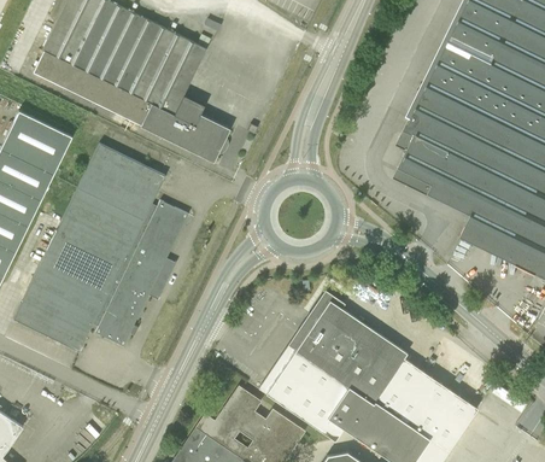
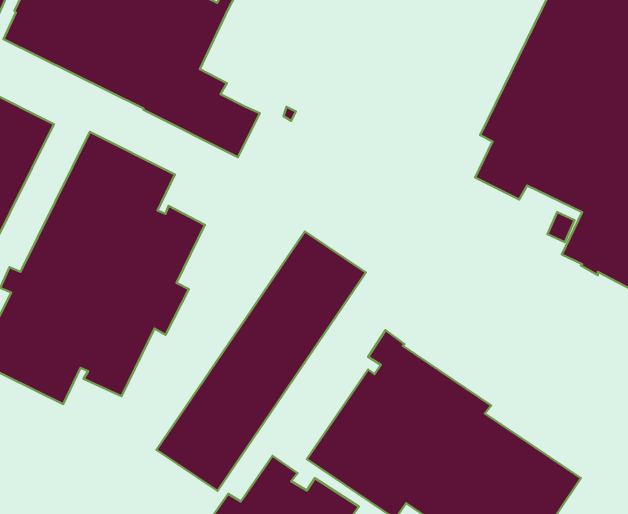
building: none -> [157,231,366,491]

